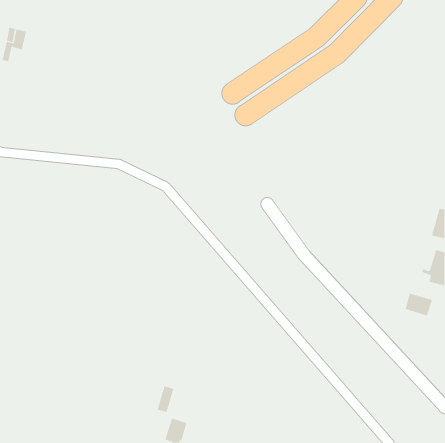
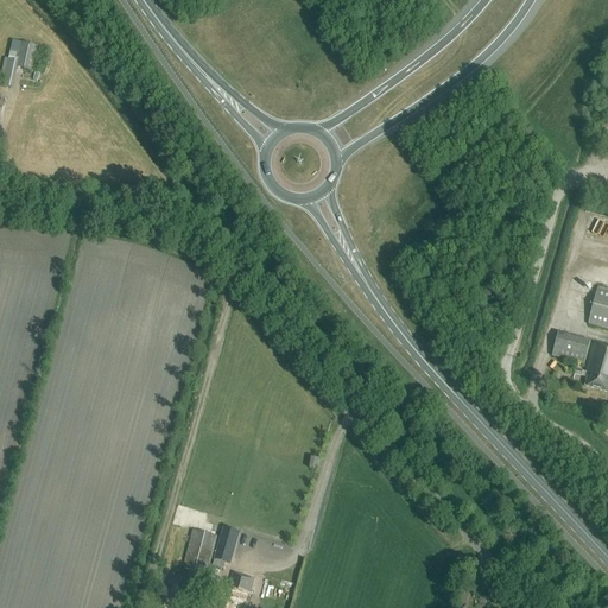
building: [405,293,433,316] -> [552,329,590,361]
building: none -> [184,527,221,574]

